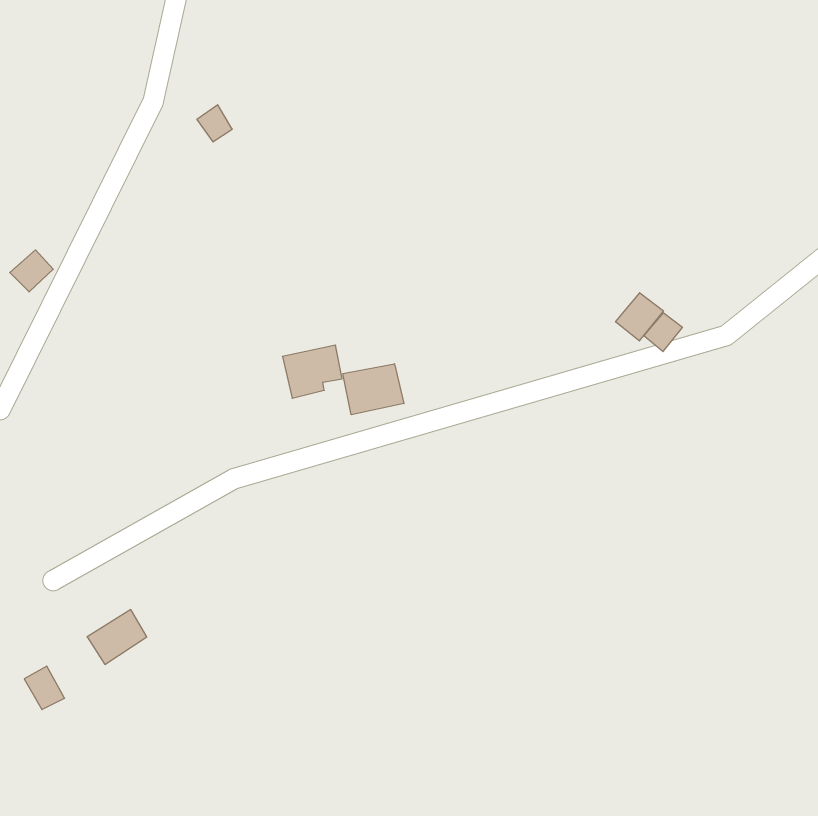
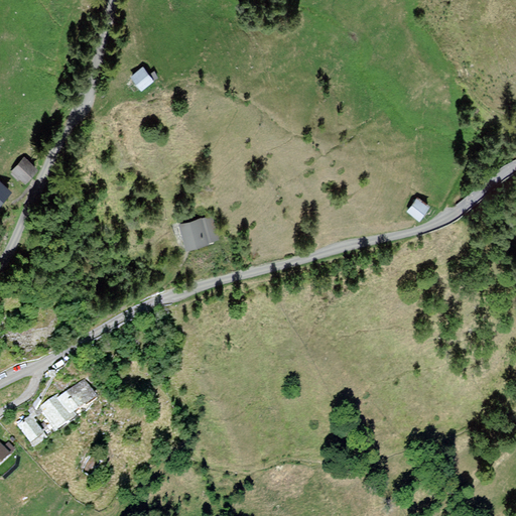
building: [616,293,663,341] -> none
building: [343,364,404,415] -> none
building: none -> [40,398,72,433]

